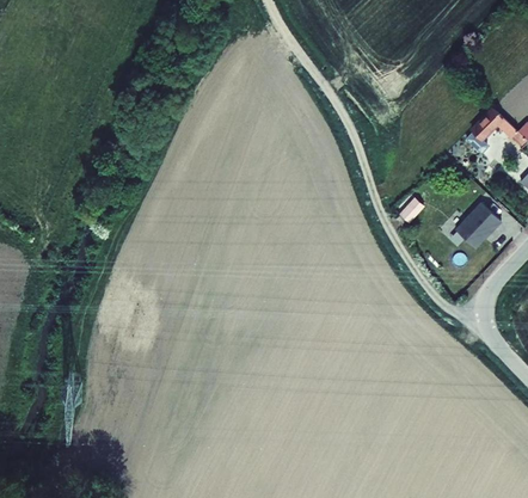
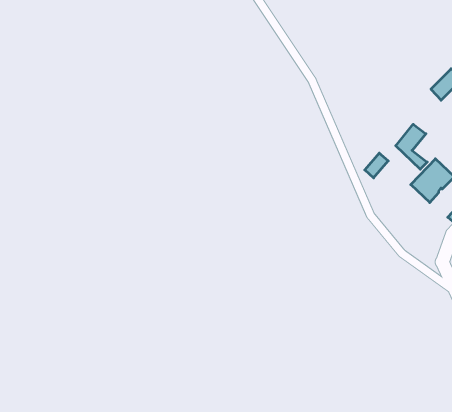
building: none -> [396,124,427,169]

